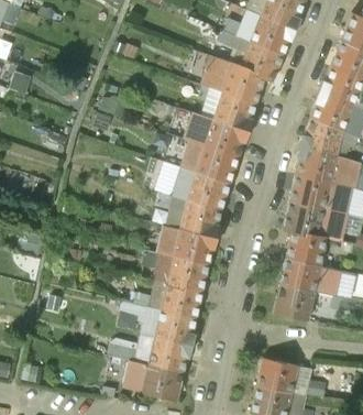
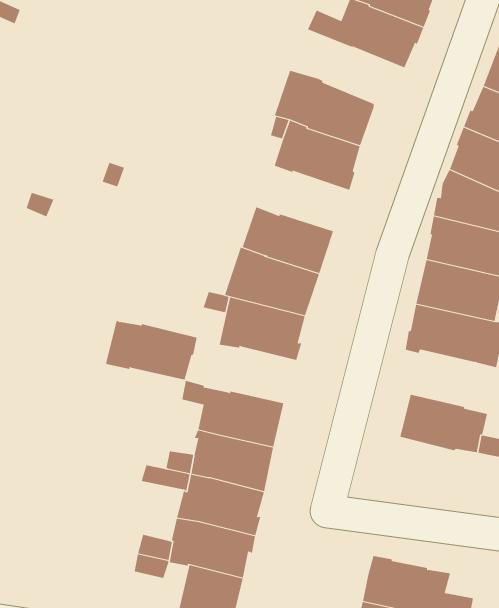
building: [218,31,283,81] -> none
building: [184,112,249,156] -> none
building: [158,226,216,263] -> [105,320,198,380]
building: [286,230,327,265] -> none
building: [273,284,314,320] -> none

